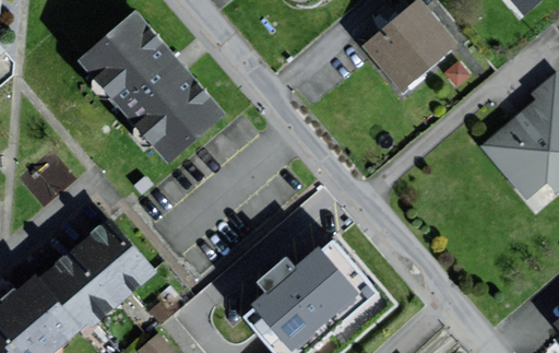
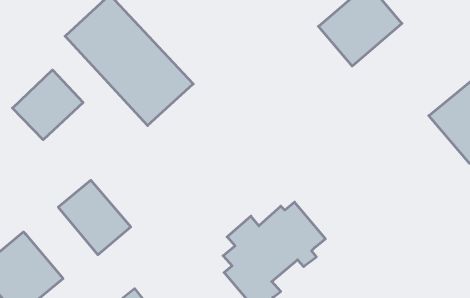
building: none -> [12,70,83,140]
building: [38,249,118,331] -> none

